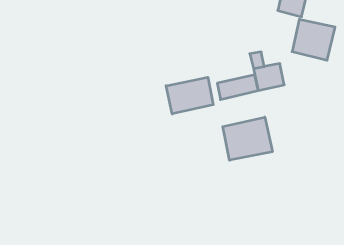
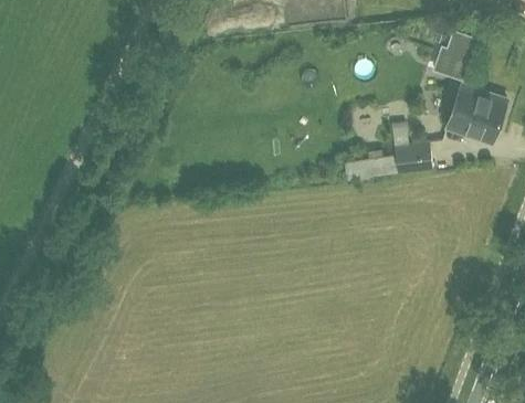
building: [166,77,213,114] -> none
building: [223,117,272,160] -> none

